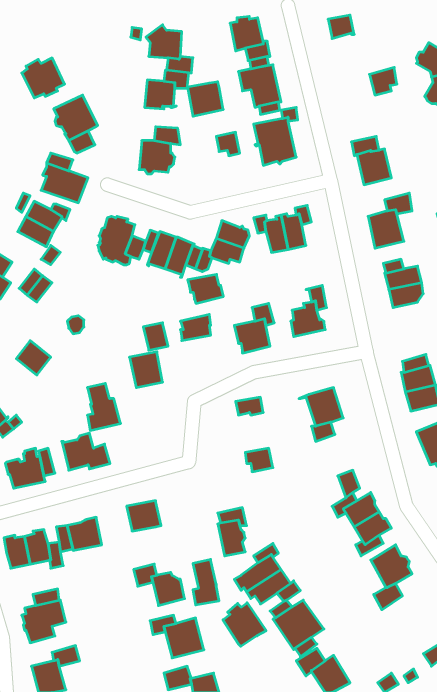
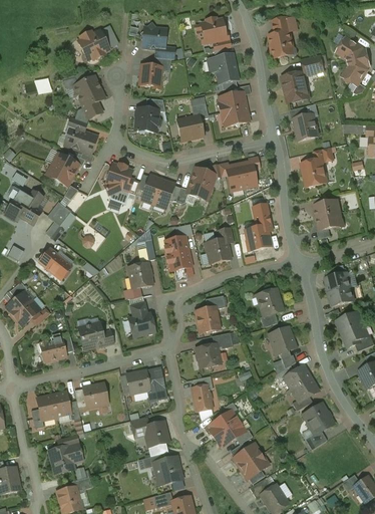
building: none -> [269,30,297,58]
building: [22,58,65,98] -> [77,30,108,59]
building: [187,82,223,116] -> [176,115,203,141]
building: none -> [282,72,308,101]
building: [188,274,223,303] -> [165,250,192,271]
building: [87,383,121,430] -> [130,302,154,336]
building: none -> [195,306,219,332]
building: none -> [268,326,295,353]
building: none -> [196,343,220,367]
building: [193,559,219,605] -> [146,367,165,401]
building: [223,603,266,646] -> none

